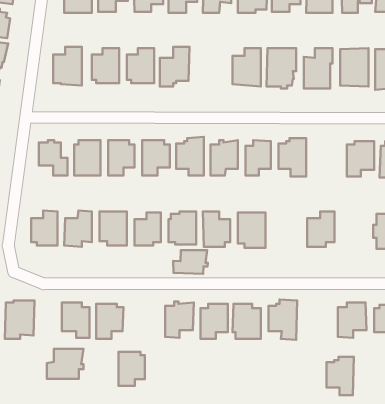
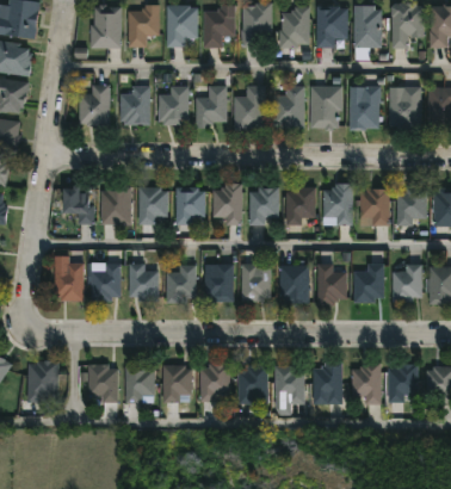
building: none -> [235,85,266,130]
building: none -> [359,187,390,225]
building: none -> [317,264,347,305]
building: none -> [393,264,424,301]
building: [173,250,208,274] -> none
building: [47,349,83,379] -> none
building: [118,352,145,386] -> [162,364,191,401]
building: [326,357,354,395] -> [352,361,382,403]

